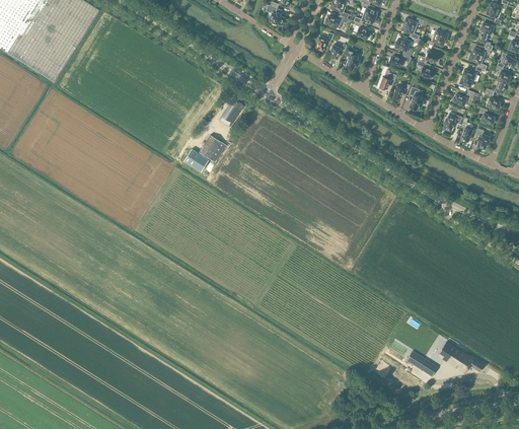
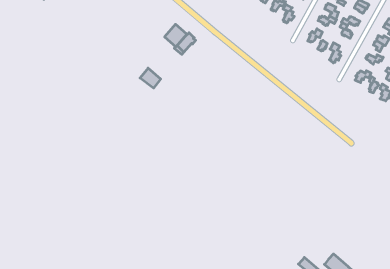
building: [199,135,225,162] -> [165,24,187,47]

